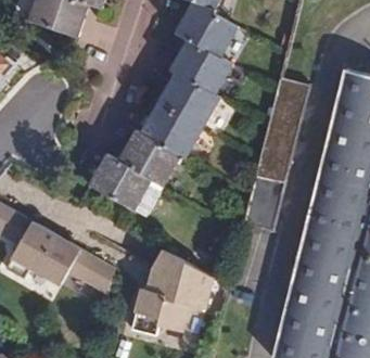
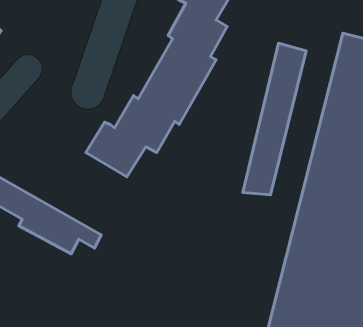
building: [133,248,212,330] -> none

